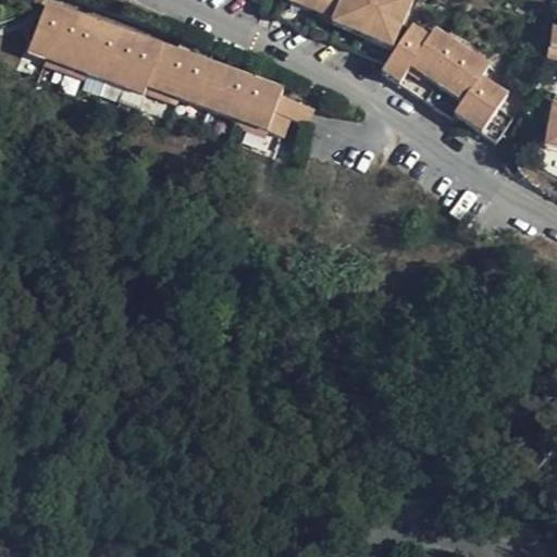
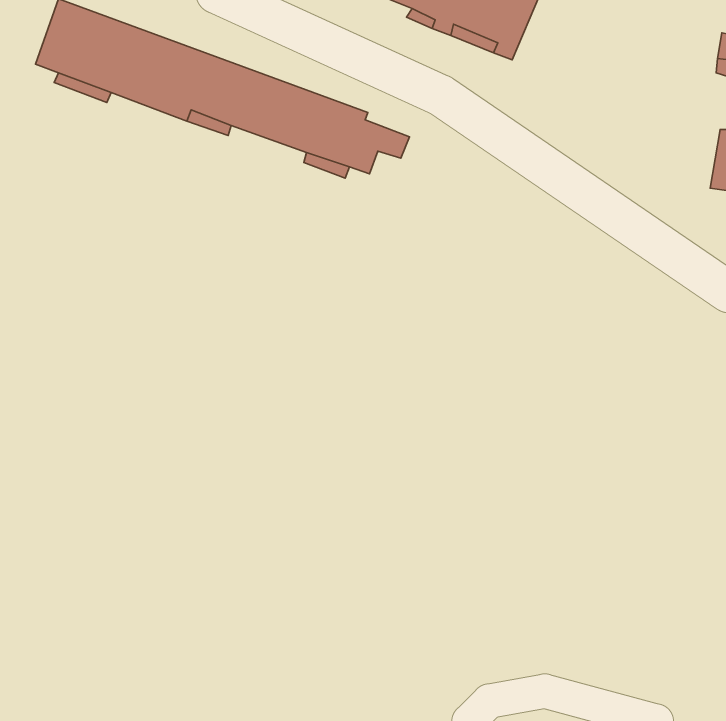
building: [381,22,512,138] -> none

